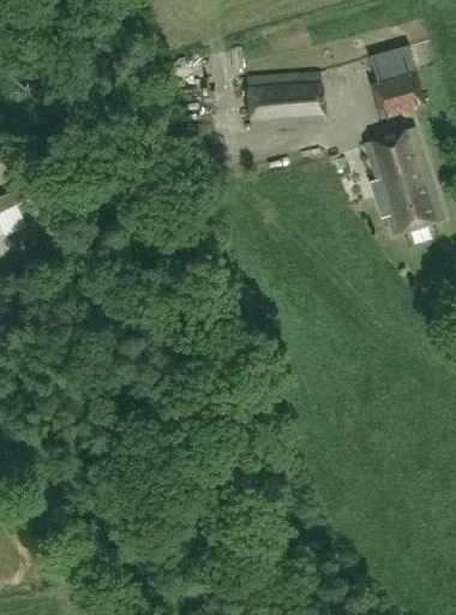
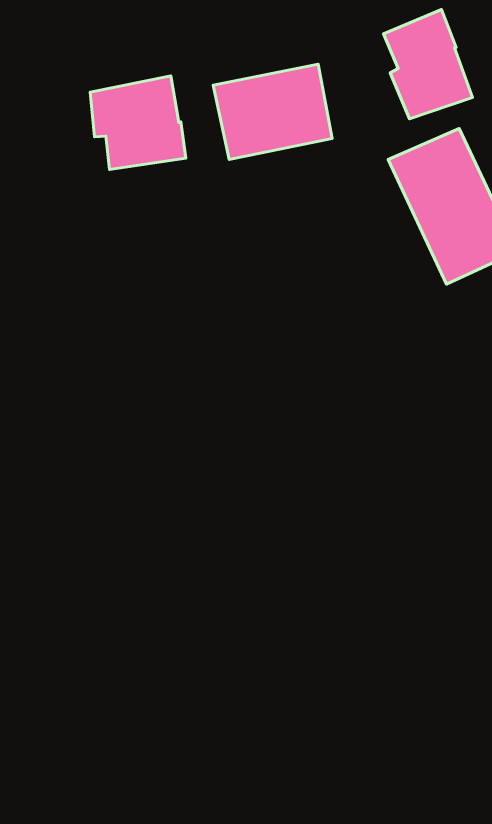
building: none -> [90,76,186,170]

